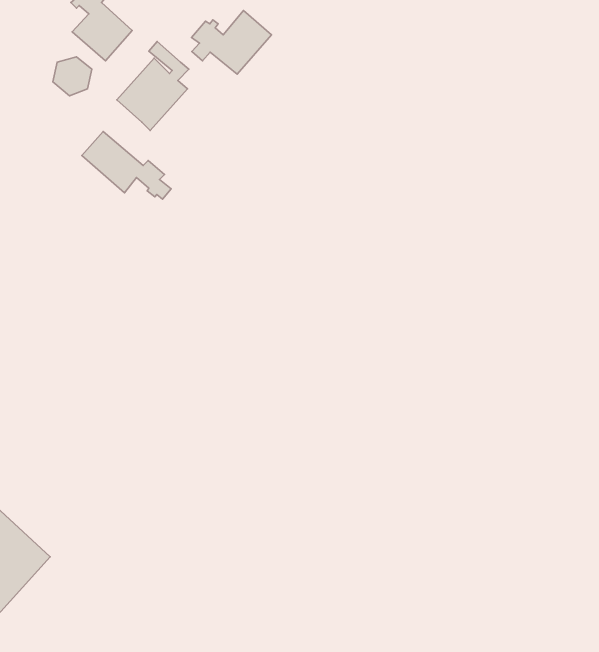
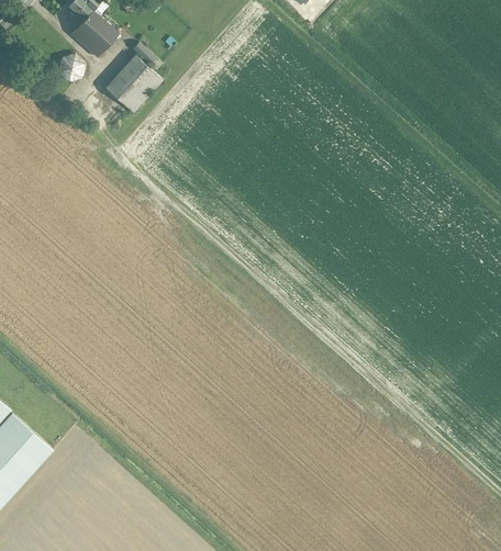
building: [192,11,271,74] -> none
building: [82,131,171,199] -> none

